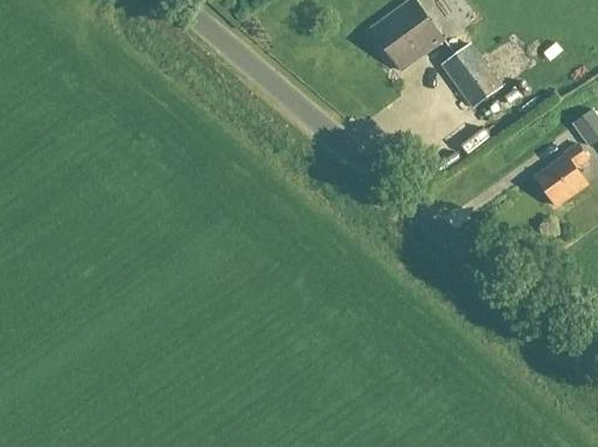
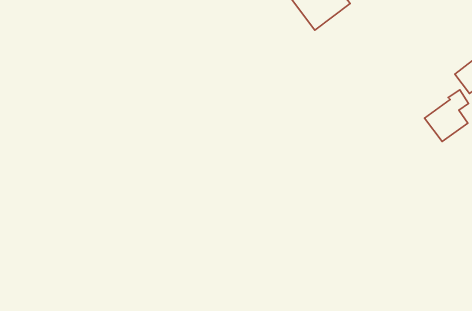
building: [443,44,502,107] -> none

